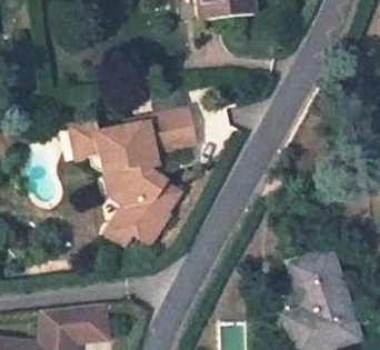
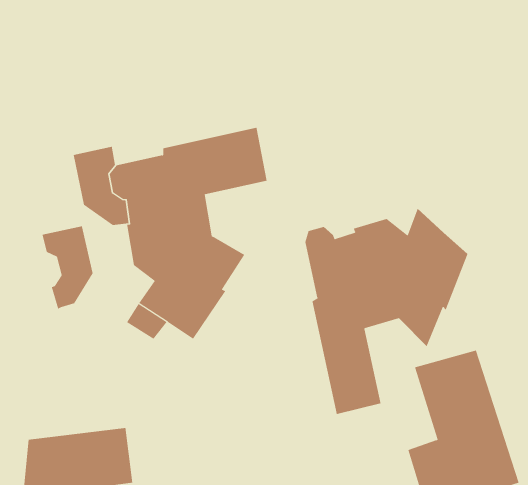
building: none -> [305,208,468,415]
building: none -> [42,226,93,309]

